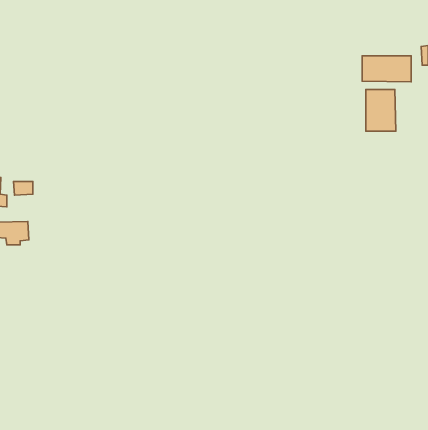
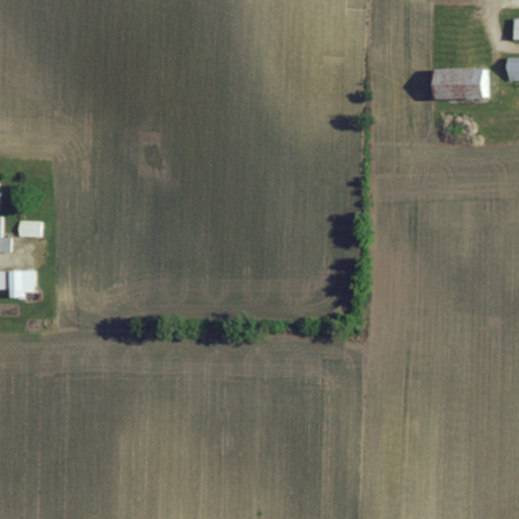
building: [366,89,396,131] -> none

